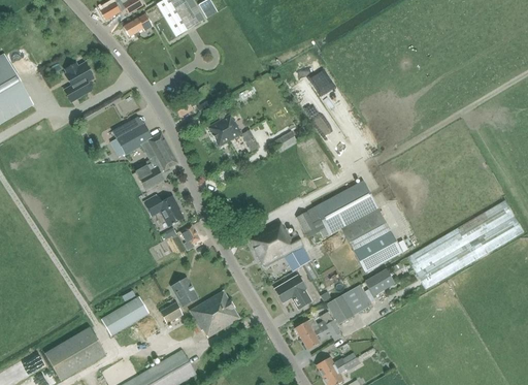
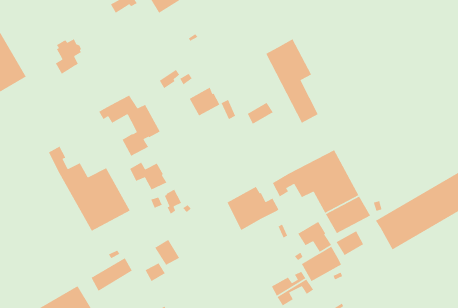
building: none -> [48,145,131,232]
building: [274,276,311,310] -> [297,221,332,253]
building: [189,289,240,339] -> none

